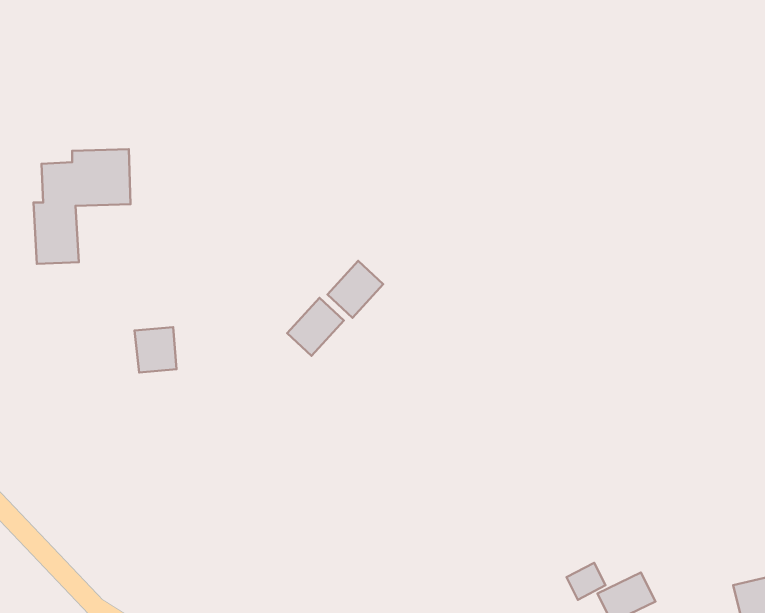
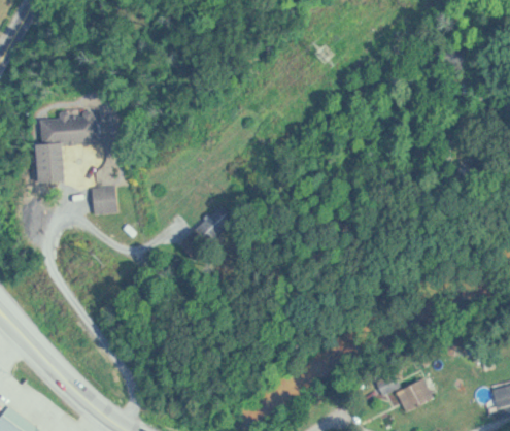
building: [327,261,383,318] -> none
building: [134,327,176,372] -> [89,187,115,216]

